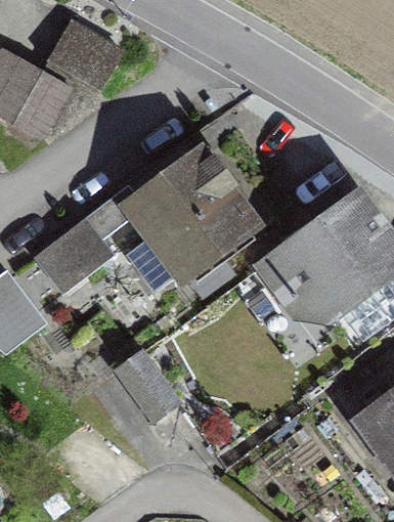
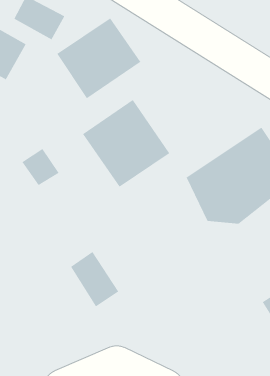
building: none -> [56,17,141,99]

